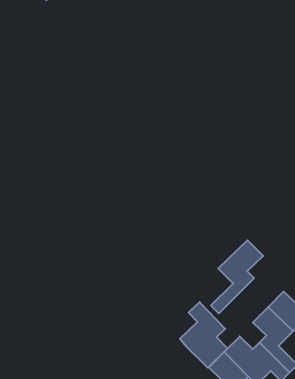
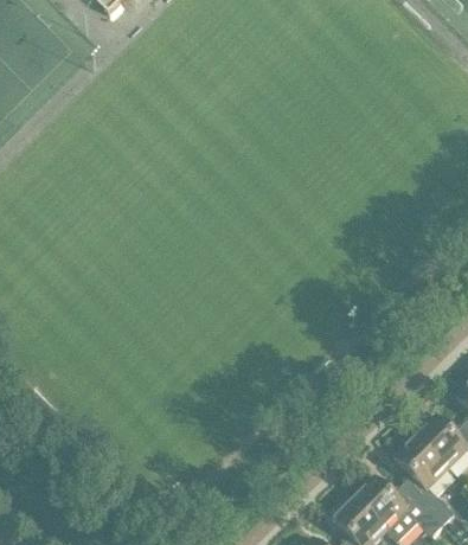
building: [211,240,263,313] -> none
building: [180,302,228,368] -> none

